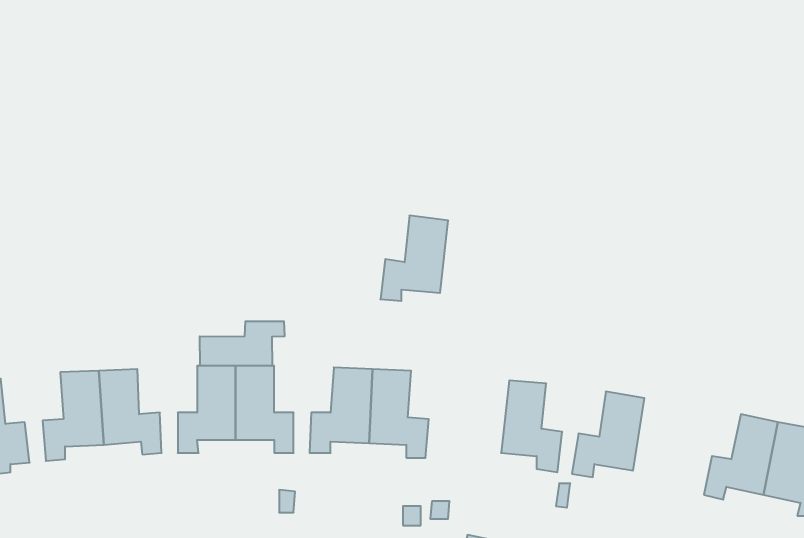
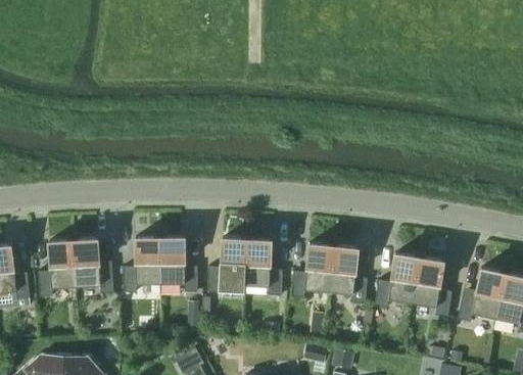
building: [380,216,448,301] -> [291,243,334,297]
building: [200,321,285,366] -> none
building: none -> [413,257,451,317]

